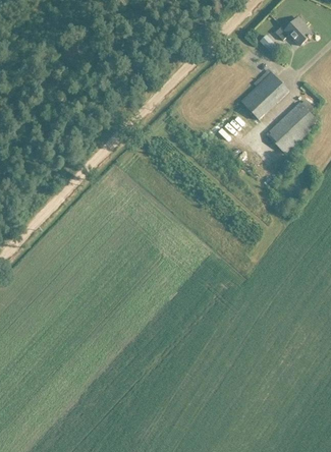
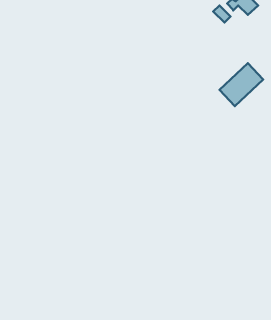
building: [240,72,288,119] -> none

